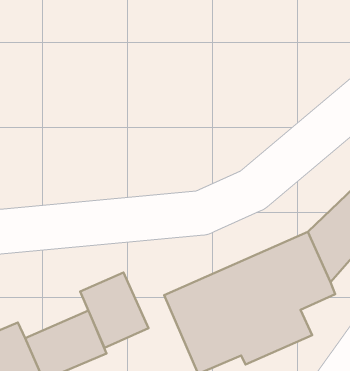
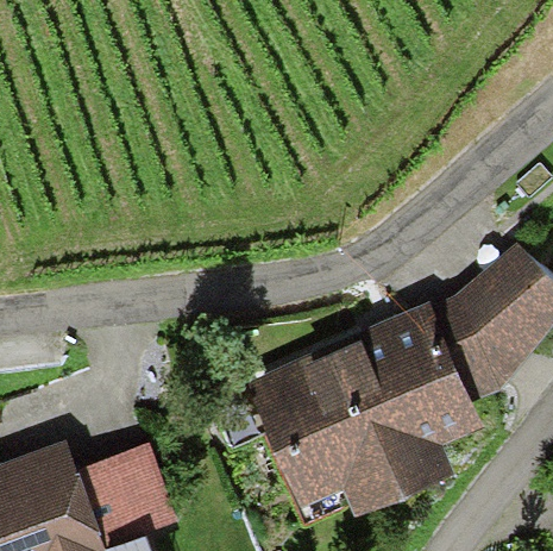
building: [80,273,149,348] -> none

